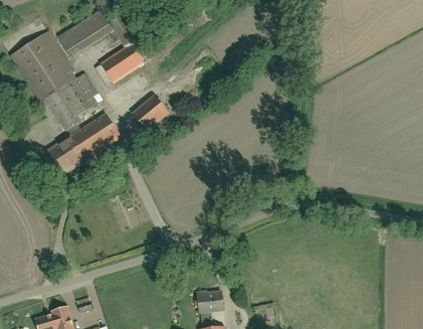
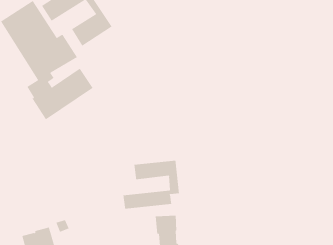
building: [132,94,168,128] -> none
building: none -> [123,160,179,209]

